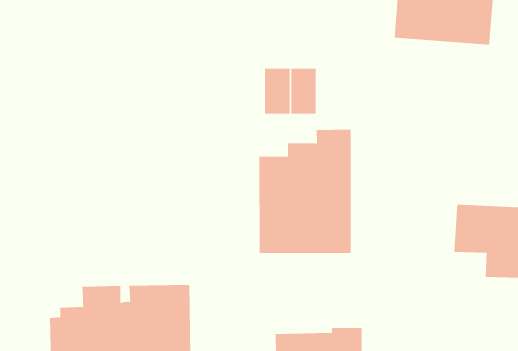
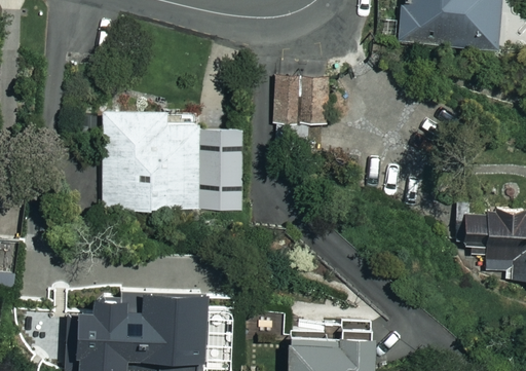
building: none -> [104,109,243,212]
building: [259,129,351,254] -> none

